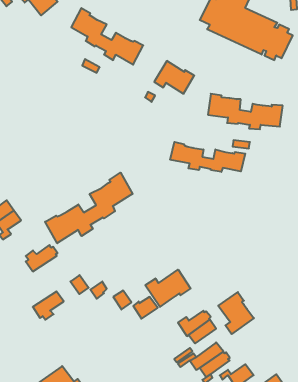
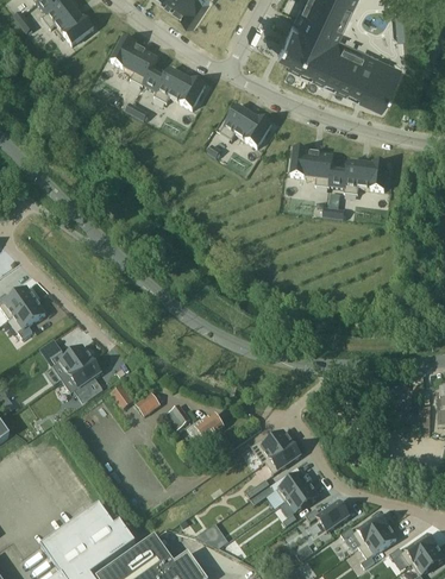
building: [170,142,245,172] -> none
building: [45,173,133,243] -> none
building: [145,270,191,307] -> none
building: [33,291,64,320] -> [61,359,101,396]
building: [218,292,254,334] -> none

